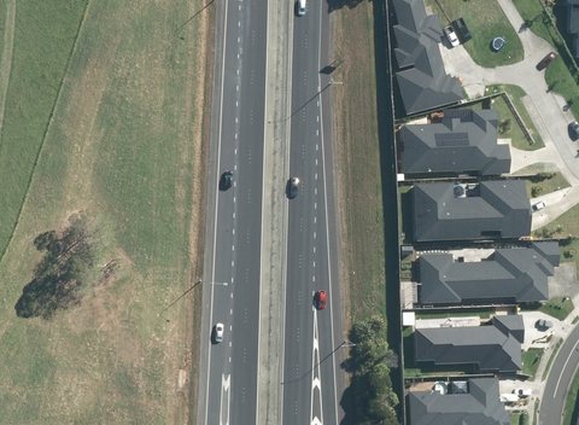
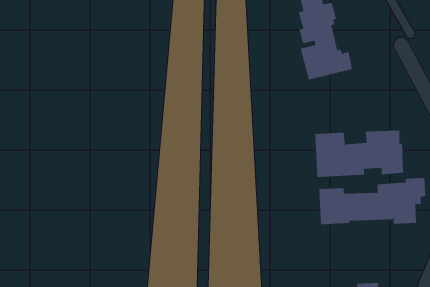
building: [403,110,508,174] -> none
building: [414,315,524,372] -> none

